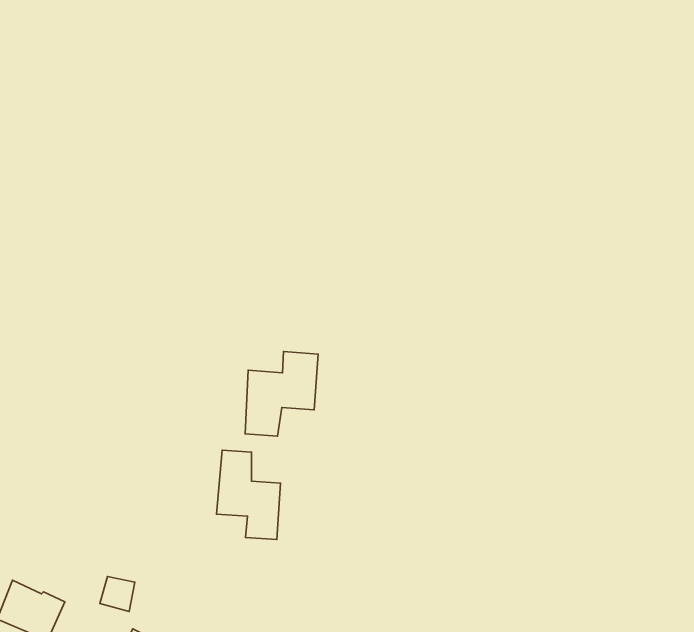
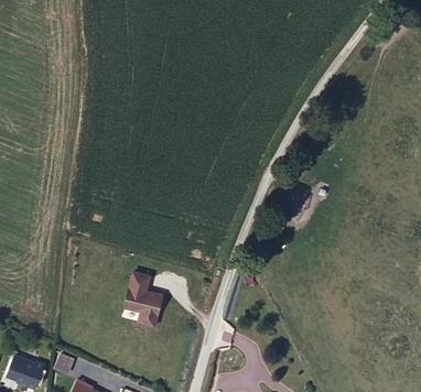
building: [245,351,318,436] -> none

